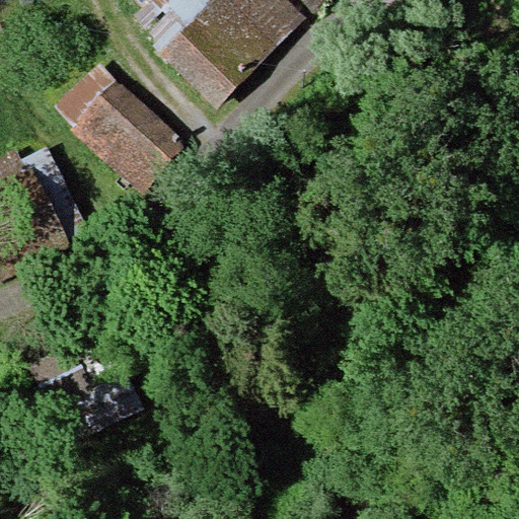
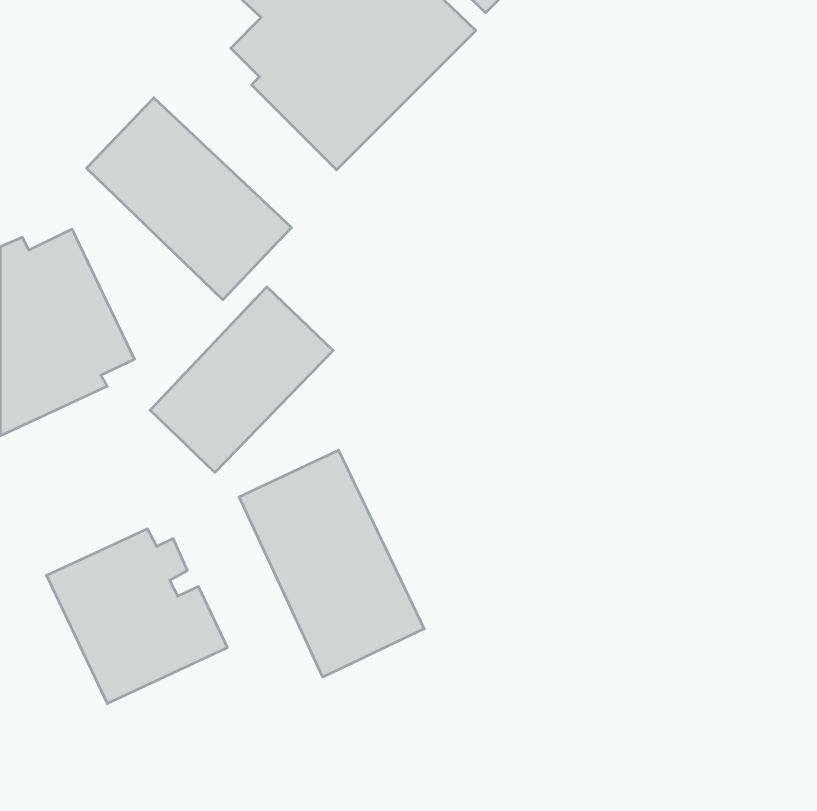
building: none -> [150,287,333,472]
building: none -> [239,450,424,677]

